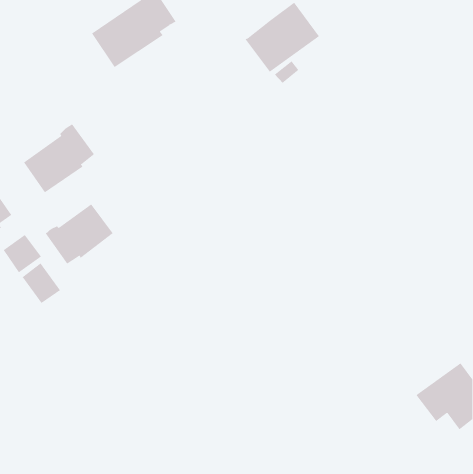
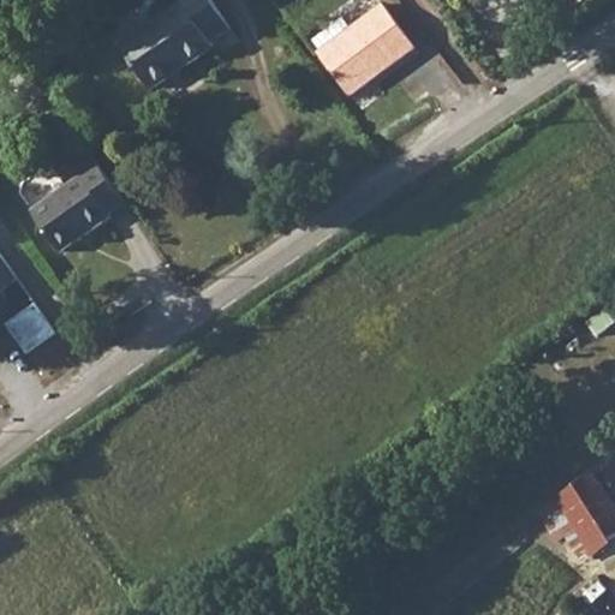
building: [45,204,113,264] -> none
building: [22,262,61,304] -> none

